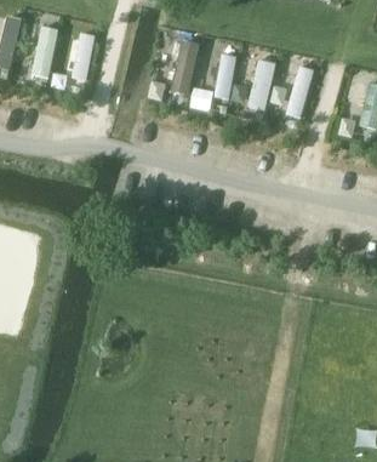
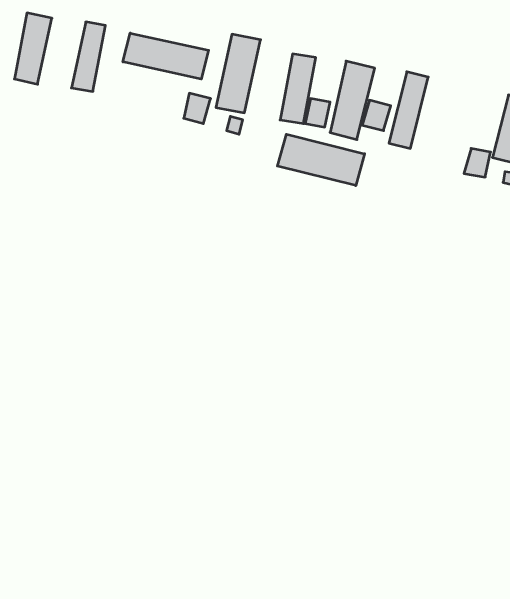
building: none -> [123,33,209,79]
building: none -> [277,134,365,186]

